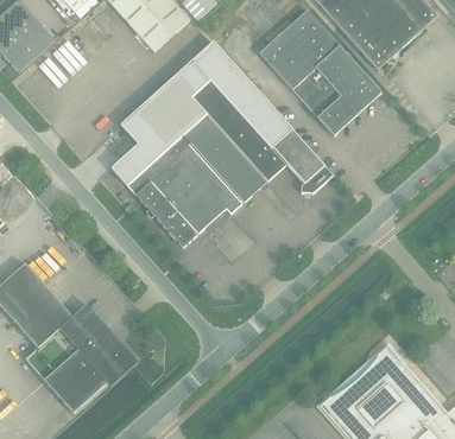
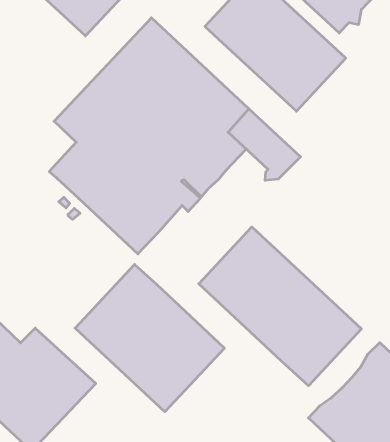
building: none -> [199,227,361,386]
building: none -> [75,264,224,412]

